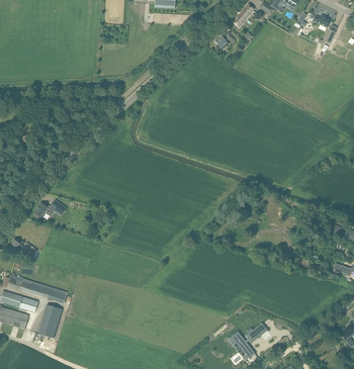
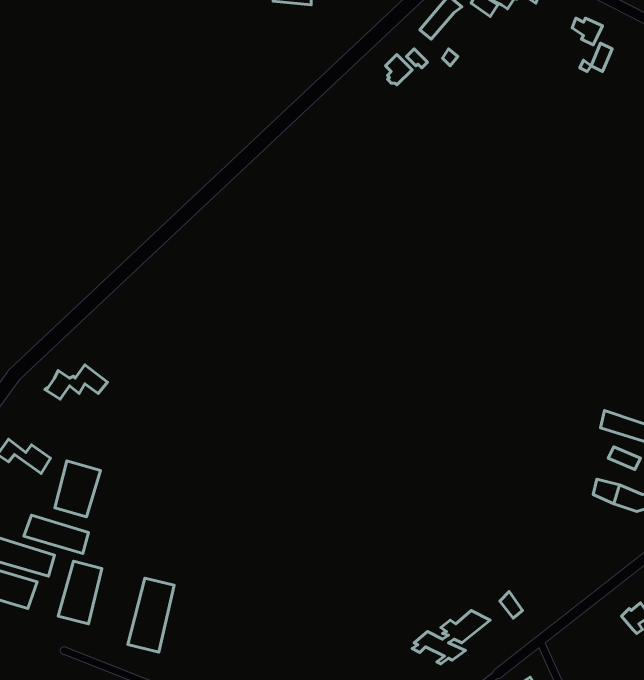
building: none -> [55,461,101,517]
building: none -> [128,578,174,652]

